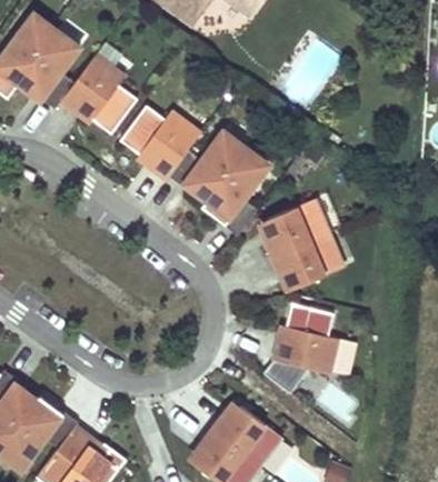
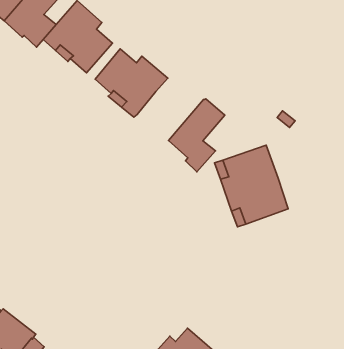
building: [170,129,248,201] -> none
building: [263,304,341,396] -> none

